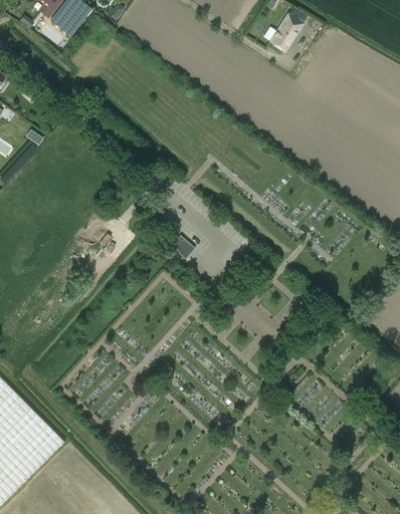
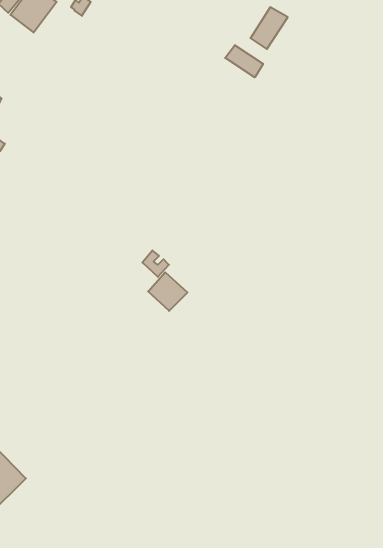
building: none -> [225,45,263,77]
building: none -> [148,272,187,311]

